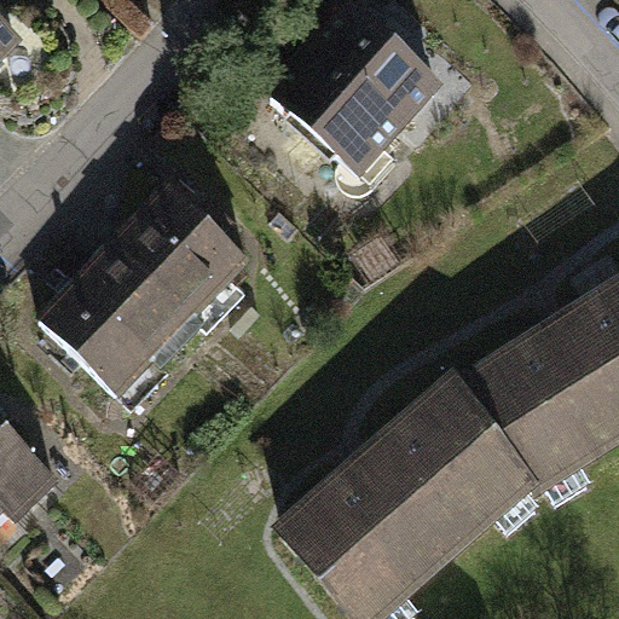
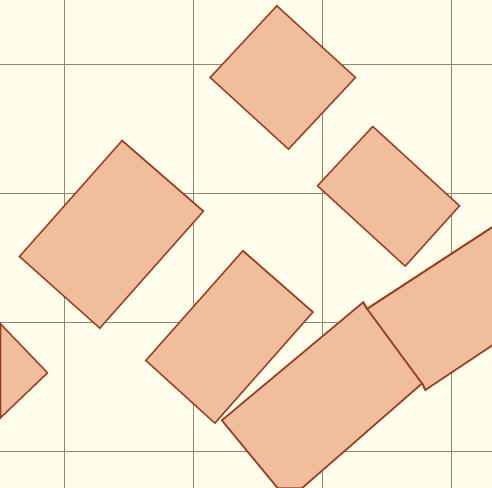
building: none -> [318,127,460,266]
building: none -> [146,251,313,423]

